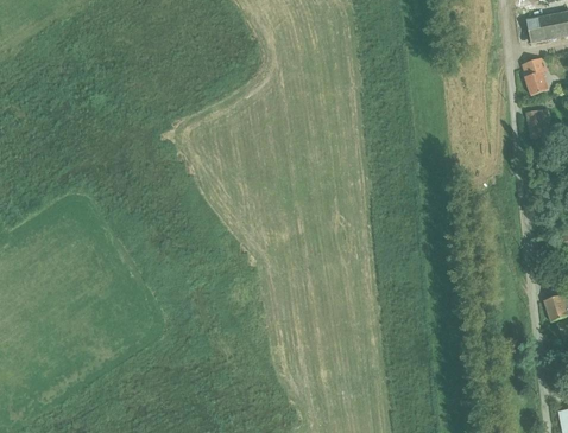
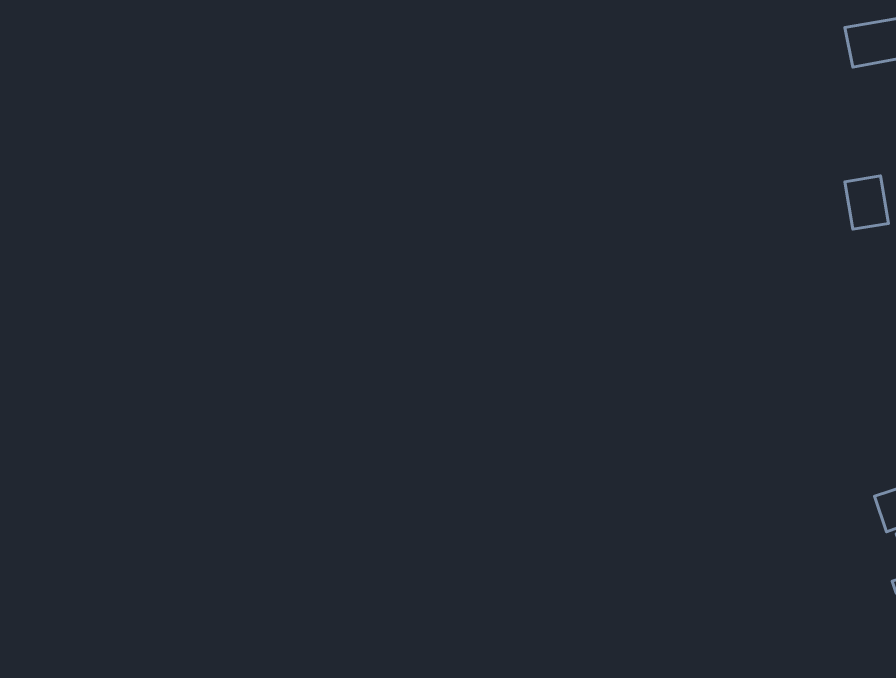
building: [523,57,549,95] -> none

